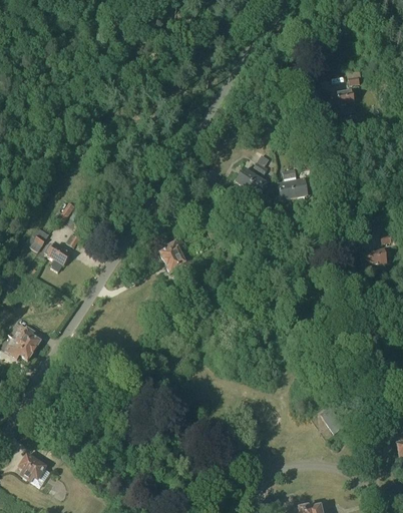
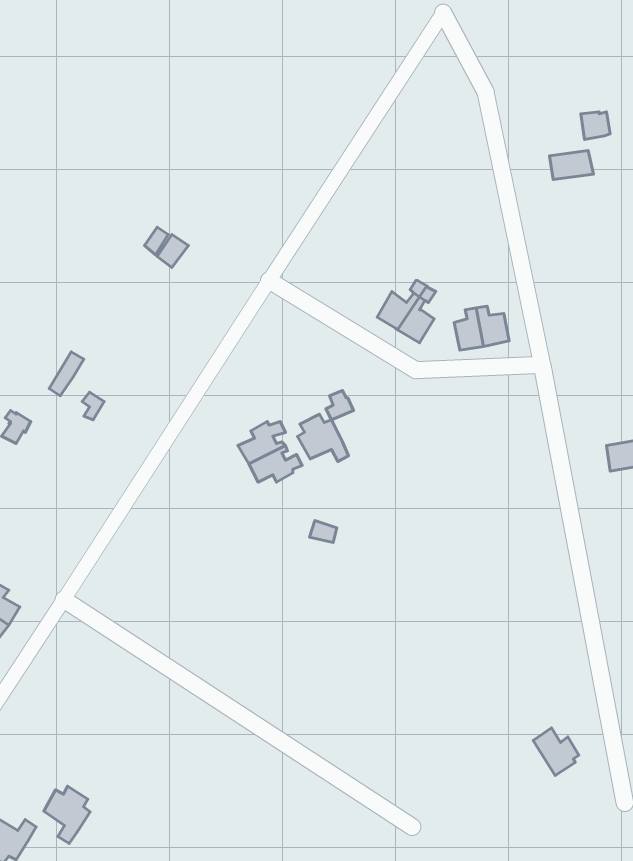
building: none -> [297,414,349,461]
building: [44,241,71,271] -> none
building: none -> [44,786,90,843]

